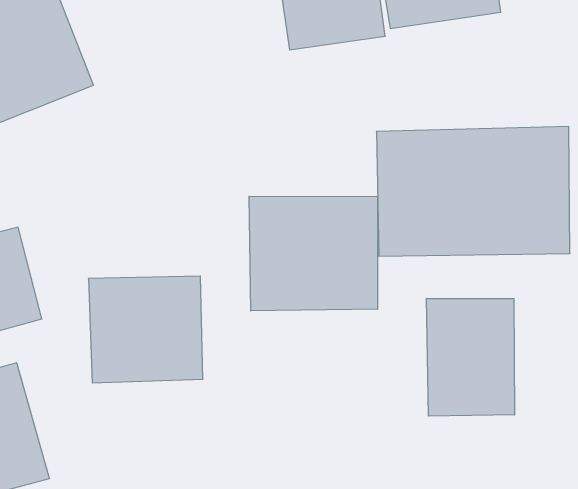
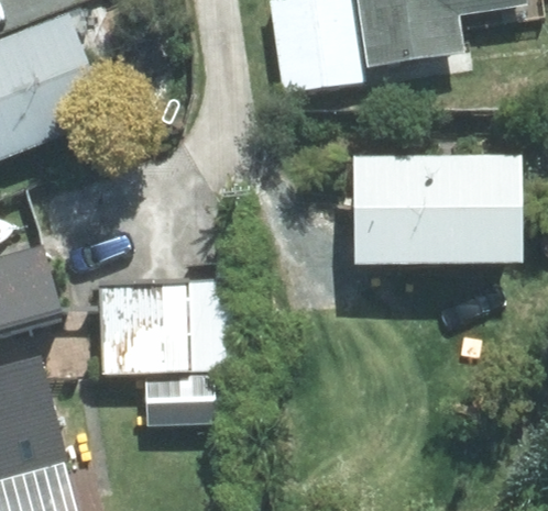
building: [249,196,378,311] -> none
building: [427,298,514,416] -> none

